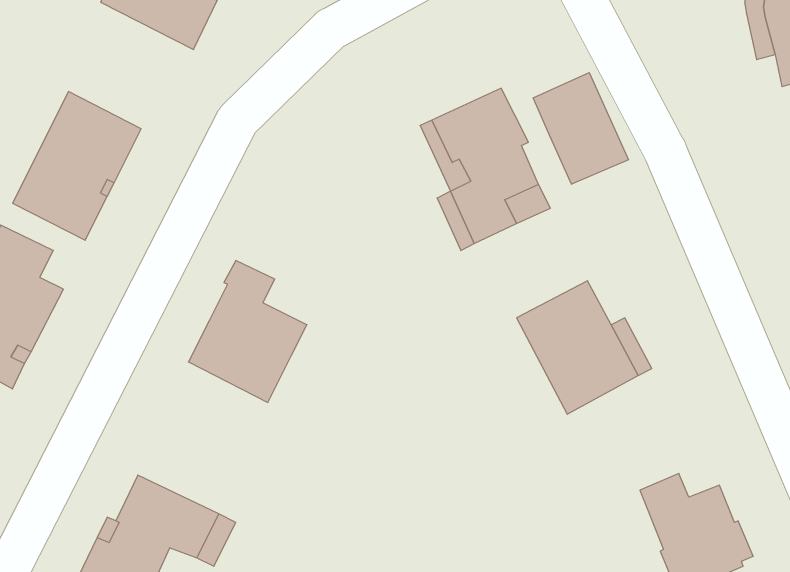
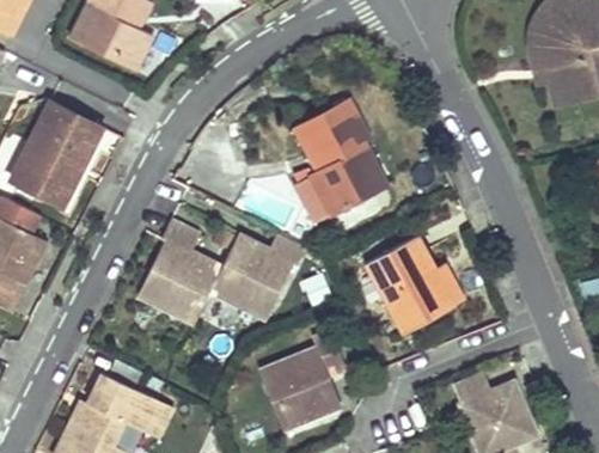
building: [533,73,628,184] -> none
building: none -> [209,234,306,318]
building: none -> [259,329,342,428]

